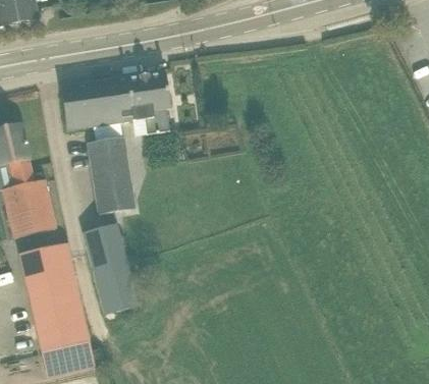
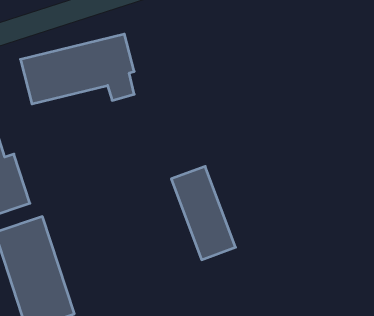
building: [86,135,136,213] -> none
building: [82,222,139,314] -> [171,166,236,260]

